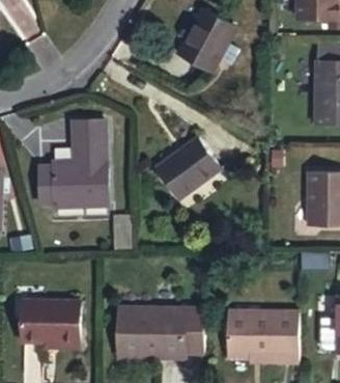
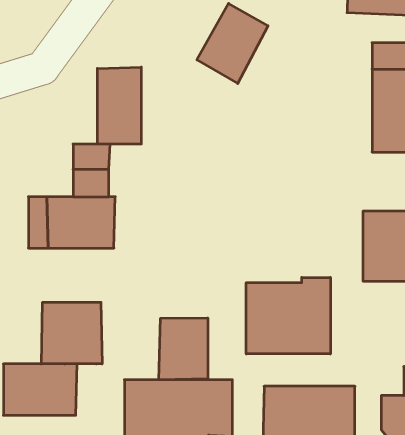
building: none -> [97,67,141,144]
building: [158,137,224,198] -> none
building: none -> [246,277,330,354]
building: none -> [41,302,102,364]
building: none -> [159,318,208,380]

